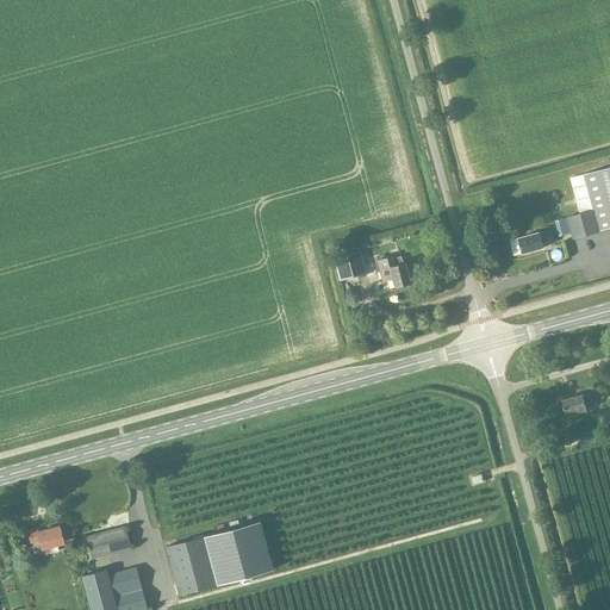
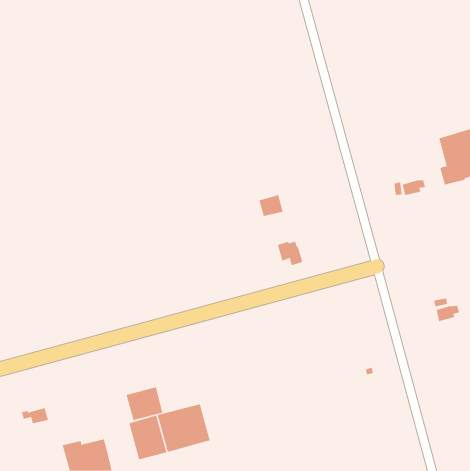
building: [379,256,412,288] -> [277,241,303,266]
building: none -> [126,386,163,421]
building: [88,527,132,558] -> none

